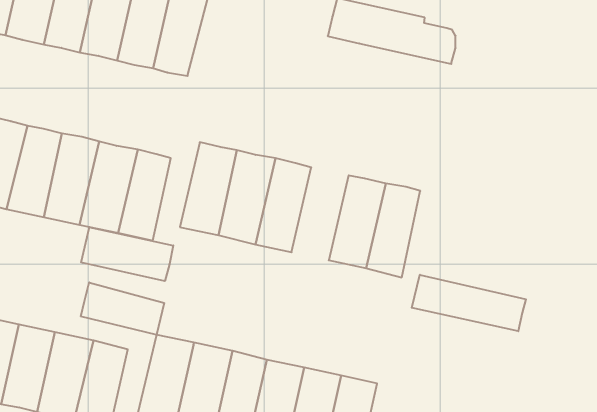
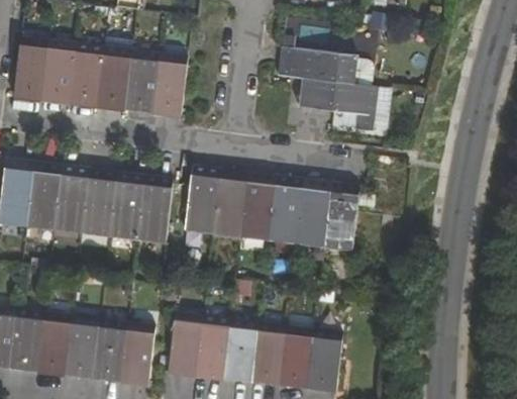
building: none -> [300,80,378,132]
building: none -> [269,176,305,243]
building: [81,227,173,281] -> none
building: [412,275,526,331] -> none
building: [81,282,164,335] -> none

